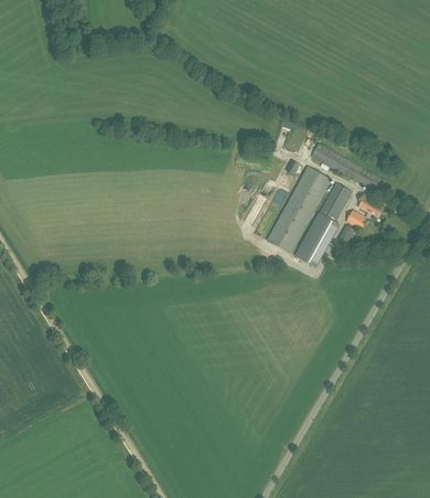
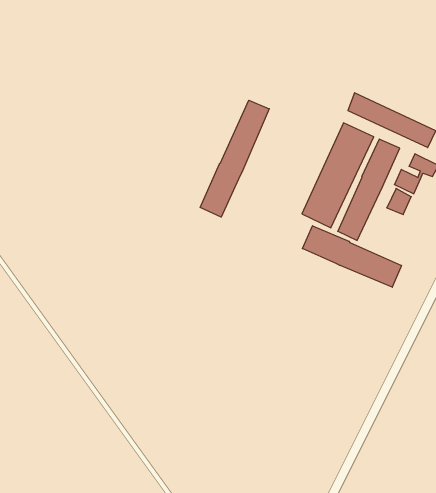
building: none -> [200,100,269,217]
building: none -> [302,226,401,287]

